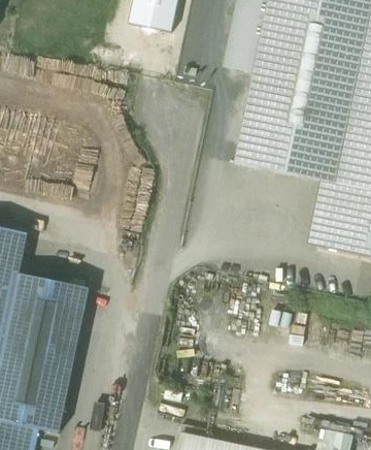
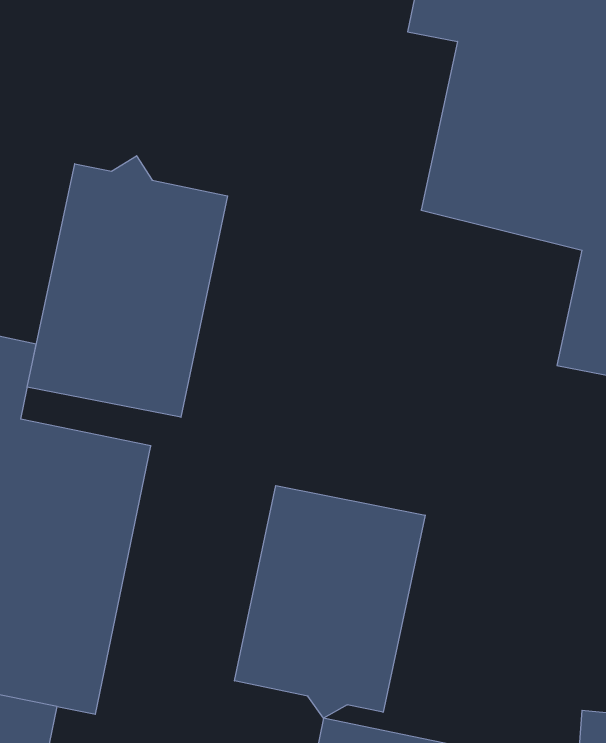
building: none -> [27,156,228,417]
building: none -> [235,486,425,718]

